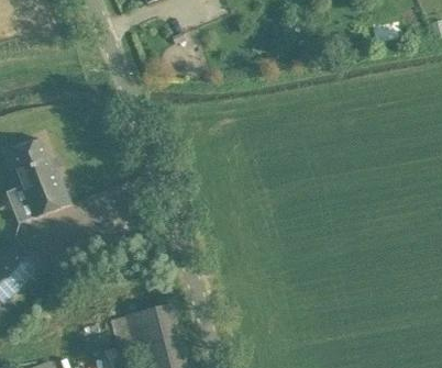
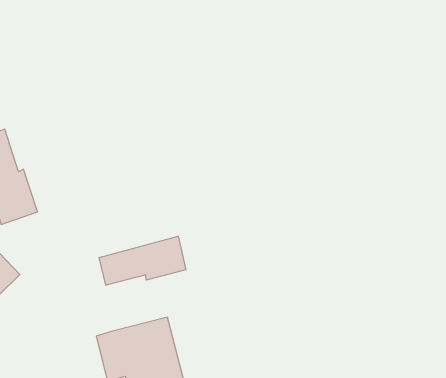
building: none -> [99,236,186,285]

